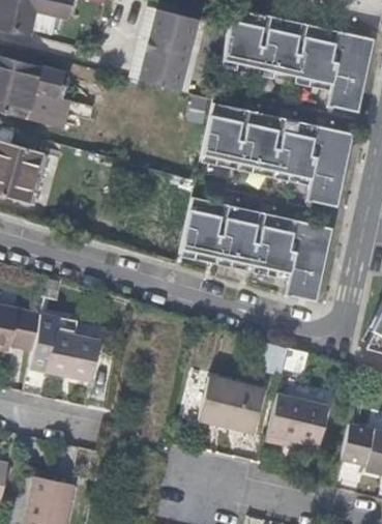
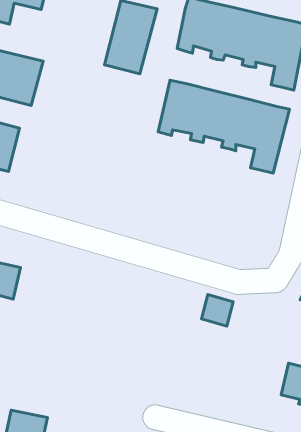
building: [180,195,328,300] -> none
building: [32,311,101,380] -> none
building: [199,375,264,432] -> none
building: [266,399,329,452] -> none

